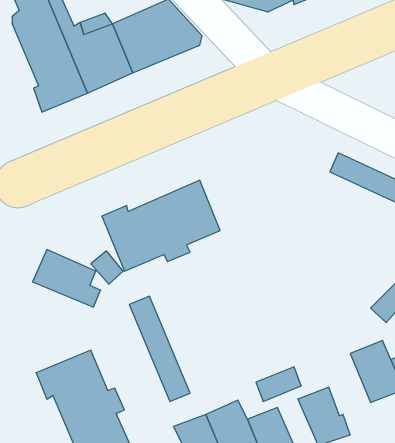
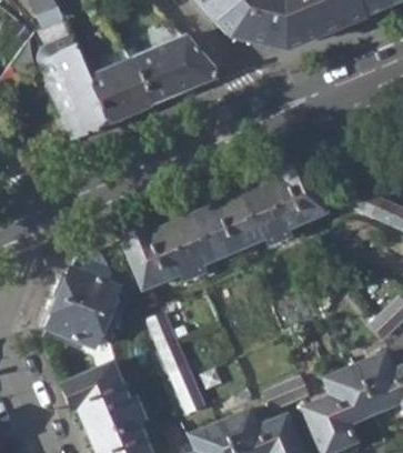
building: none -> [213,162,324,252]
building: none -> [46,300,114,348]
building: none -> [325,366,372,424]

